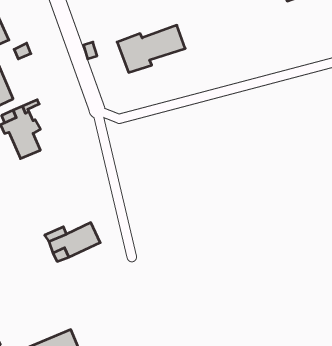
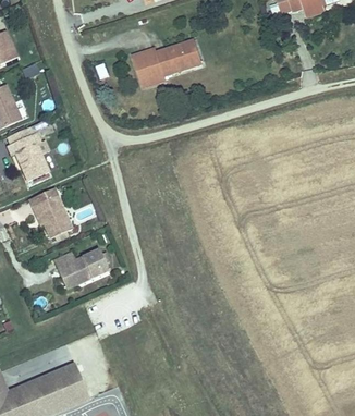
building: none -> [29,185,74,237]

